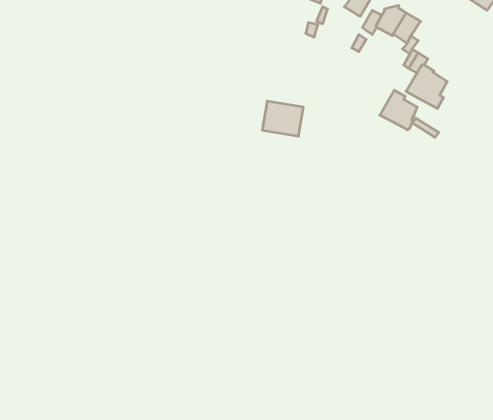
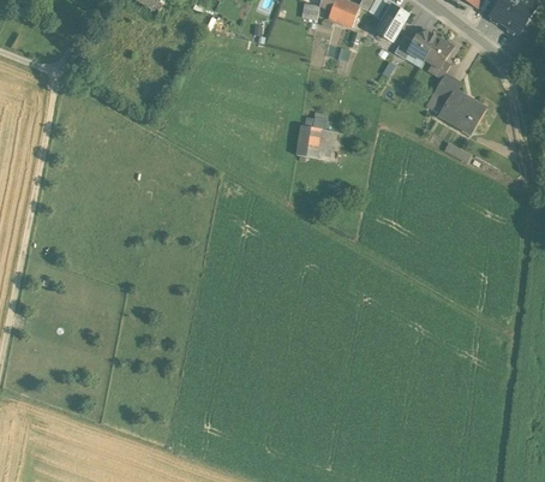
building: [380,90,417,130] -> none

